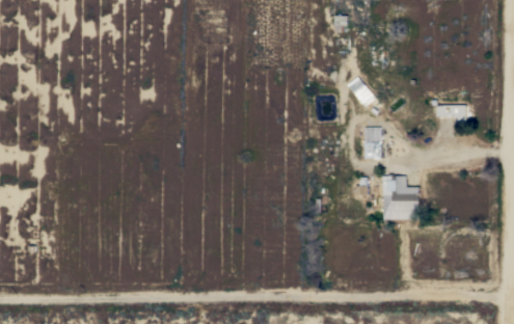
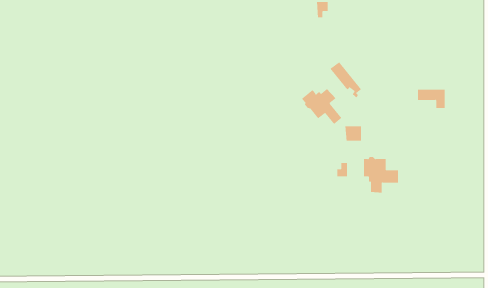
building: none -> [301,88,342,125]

